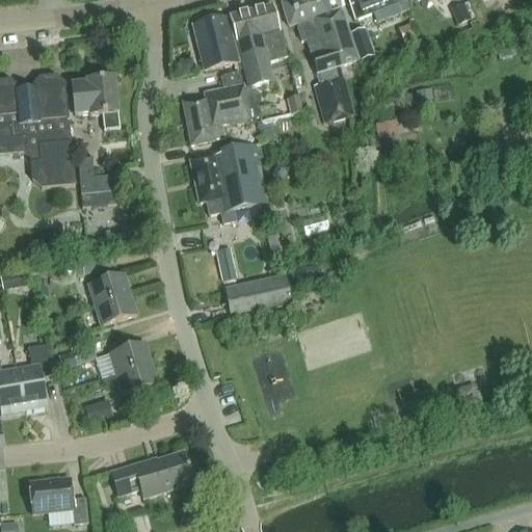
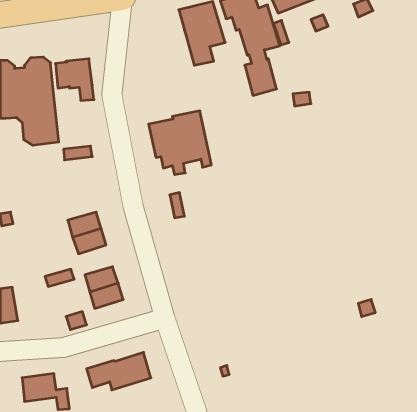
building: [191,14,237,69] -> none
building: [182,83,260,142] -> none
building: [77,154,116,190] -> none
building: [224,271,295,314] -> none
building: [16,341,56,408] -> none

